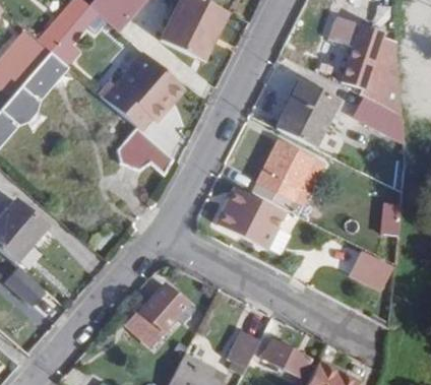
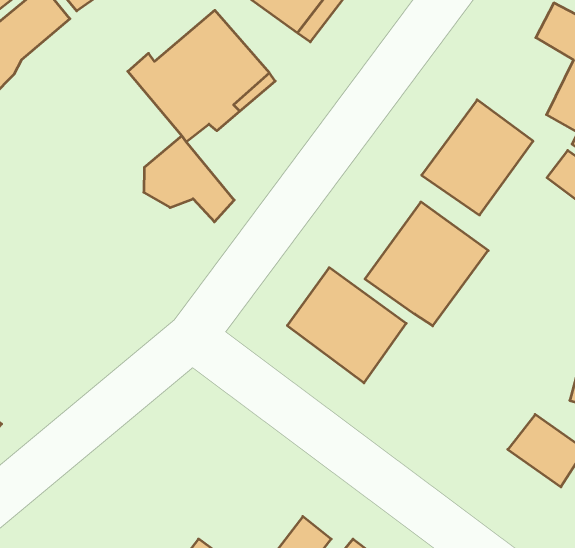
building: [127,284,184,344] -> none

